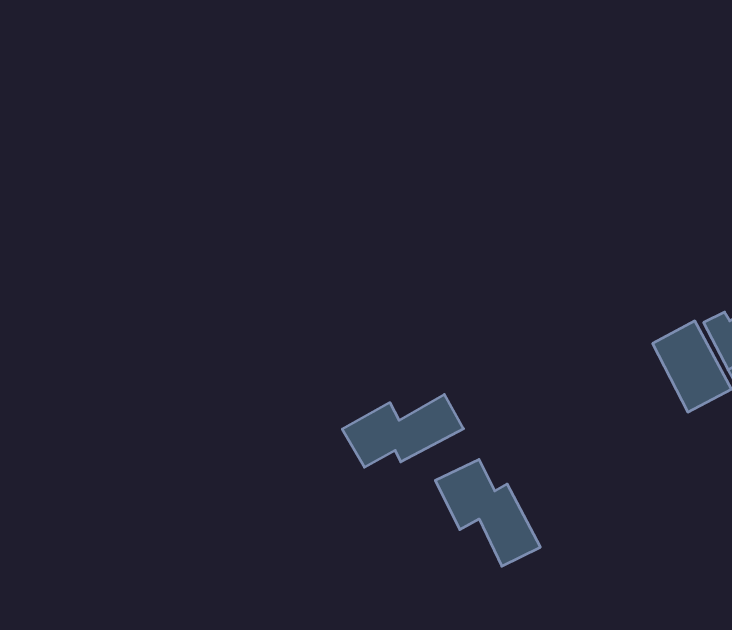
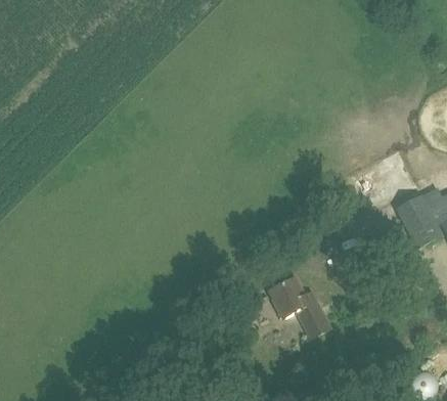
building: [342,394,464,467] -> none

